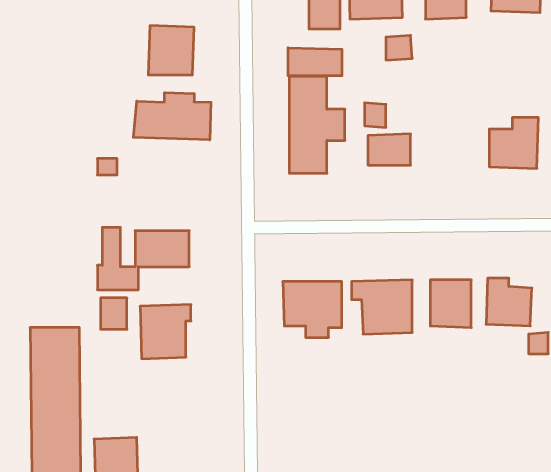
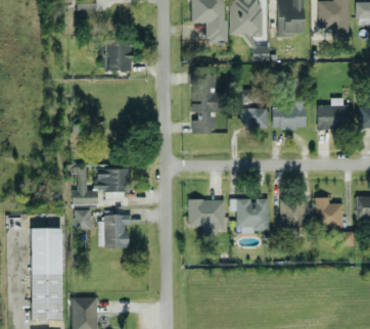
building: [288,48,342,76] -> none
building: [133,93,211,140] -> none
building: none -> [272,98,306,128]

